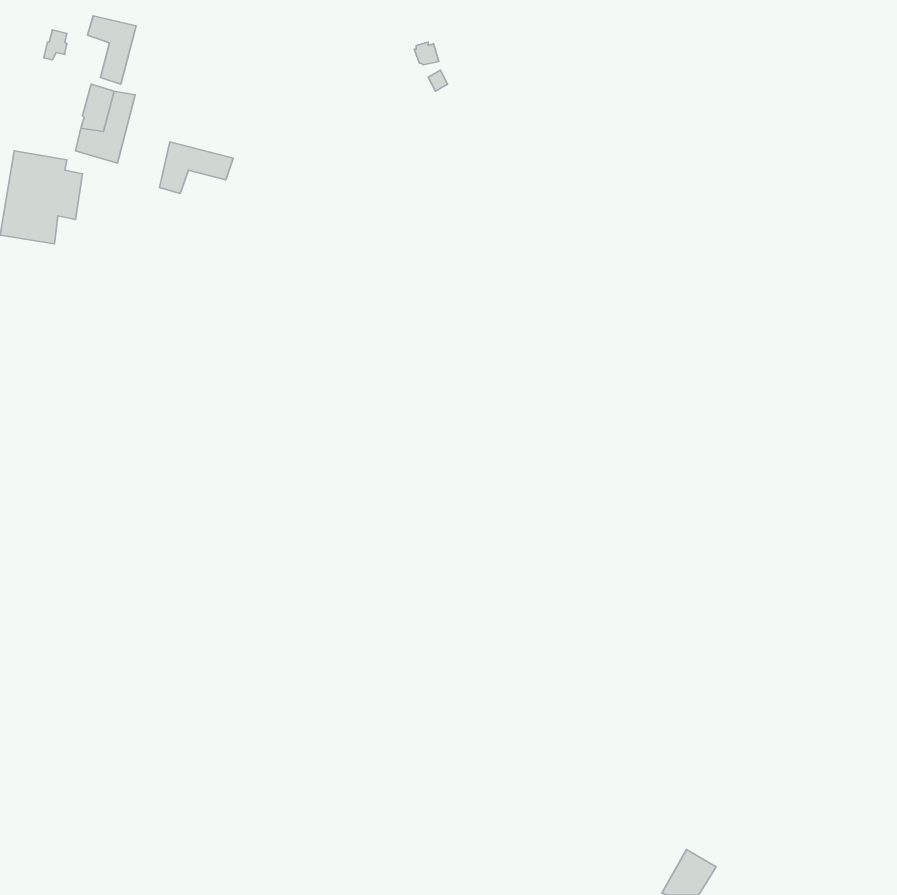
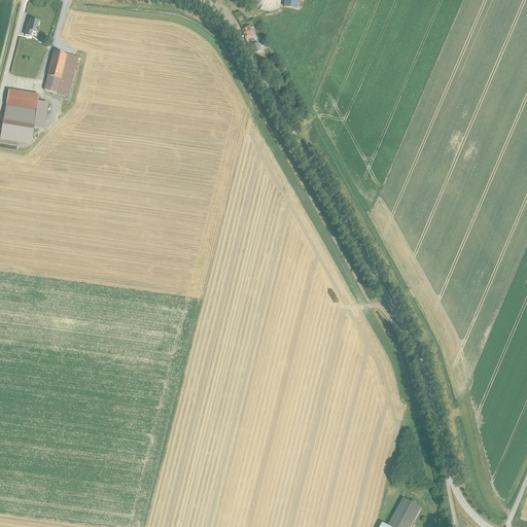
building: [87,16,136,84] -> none
building: [160,142,233,194] -> none

